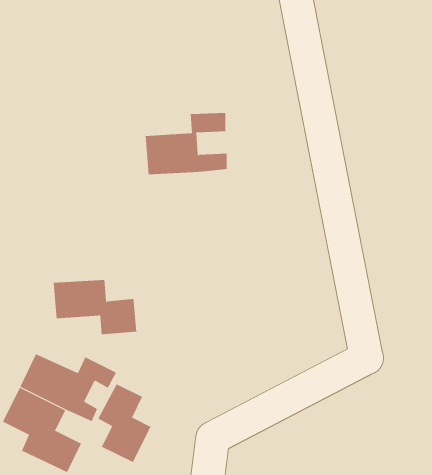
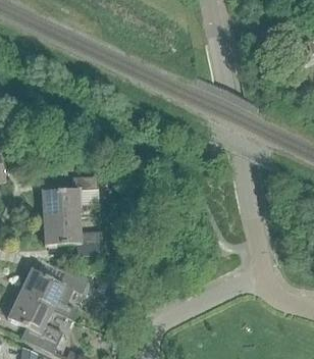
building: [145,112,228,175] -> [41,174,99,218]
building: [97,383,151,463] -> none

